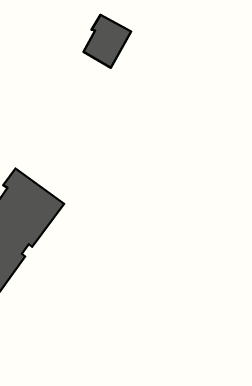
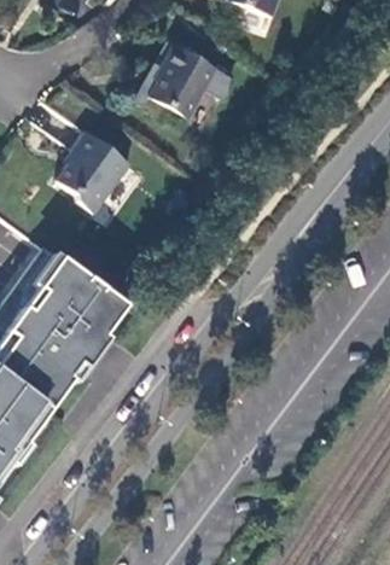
building: none -> [57,132,130,215]

